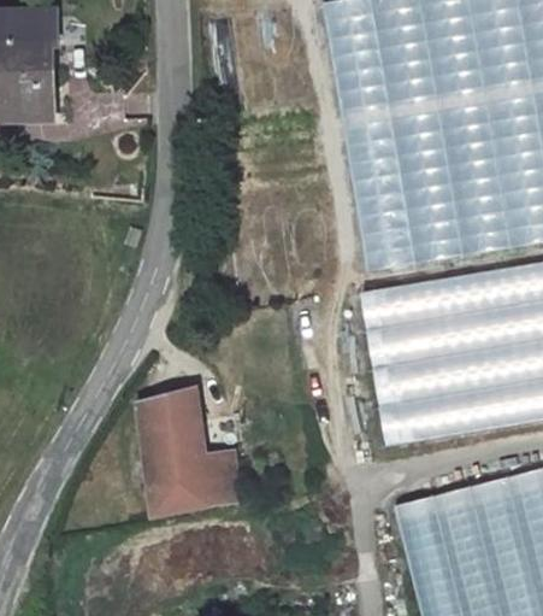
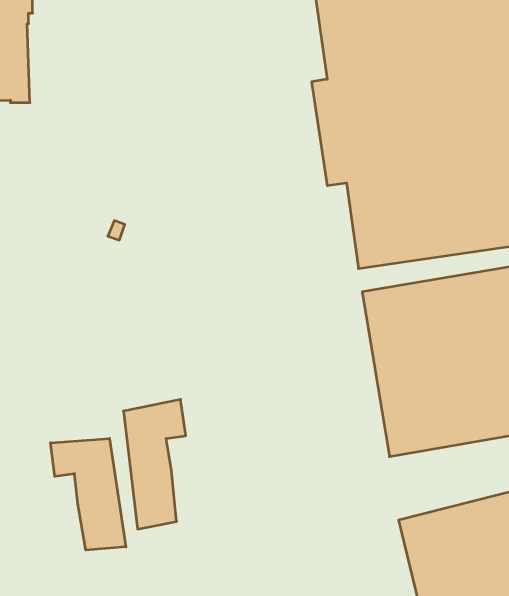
building: none -> [51,438,126,550]
building: [185,452,237,506] -> none

